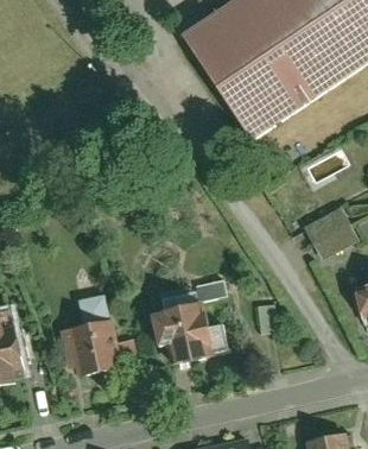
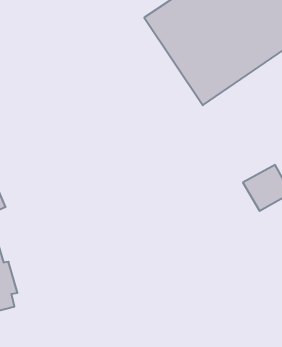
building: [150,286,217,363] -> none
building: [58,310,123,379] -> none

